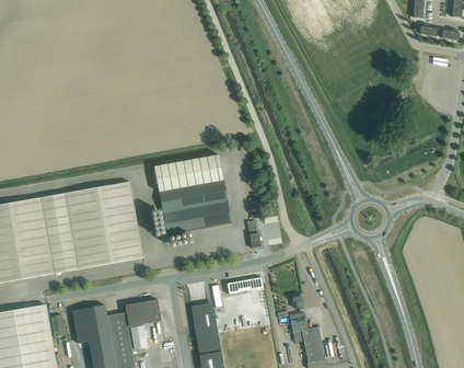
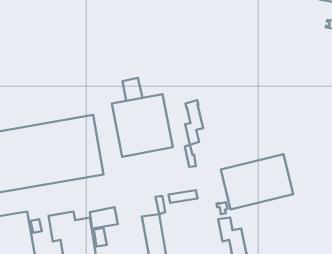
building: none -> [123,78,143,101]
building: none -> [185,100,203,145]
building: none -> [221,154,293,210]

